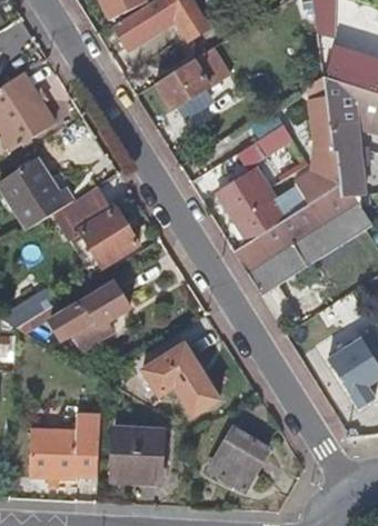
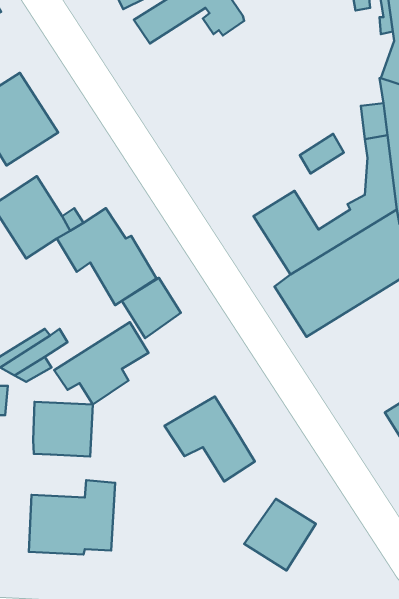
building: [155,47,230,109] -> none
building: none -> [122,278,181,338]
building: none -> [33,402,93,456]
building: [111,424,161,482] -> none

